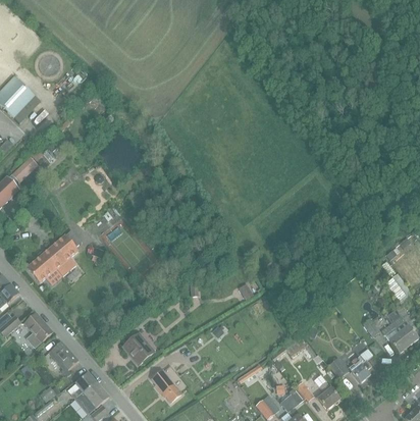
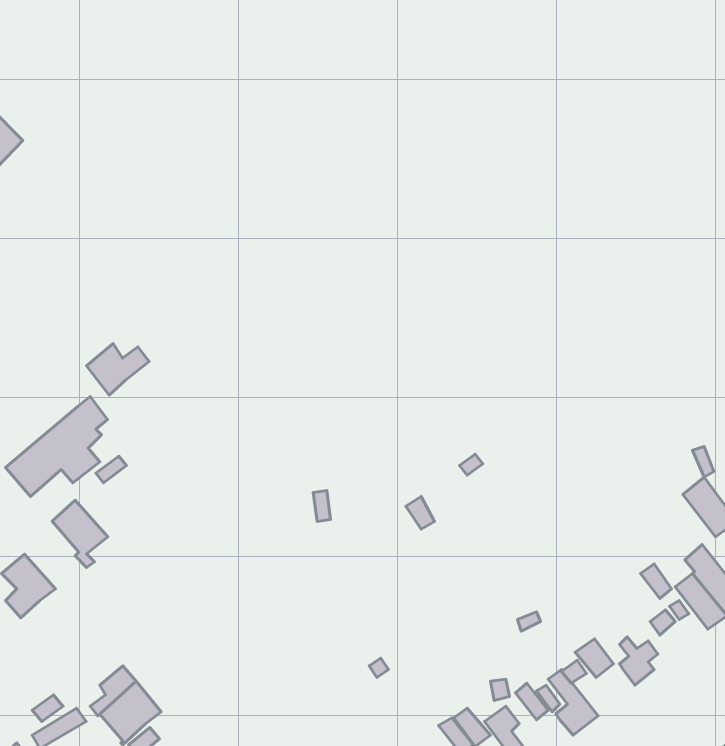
building: none -> [87,343,149,395]
building: [121,332,154,365] -> none
building: [48,340,77,376] -> [52,500,108,567]
building: [151,370,180,402] -> none

